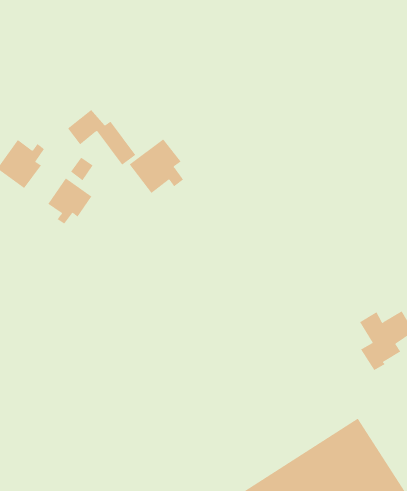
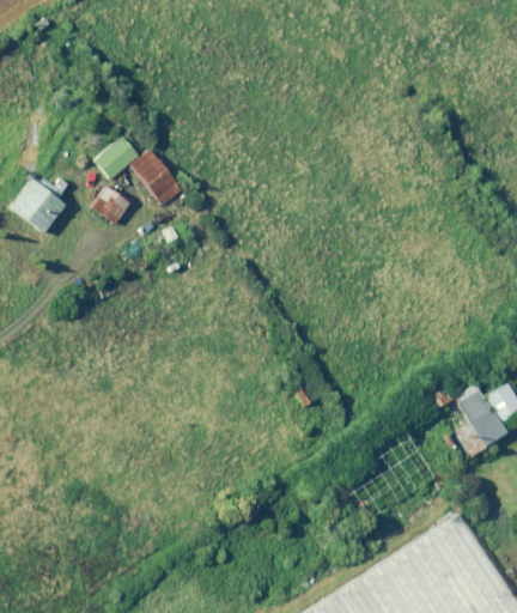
building: [129,138,184,194] -> none
building: [47,178,92,225] -> none

